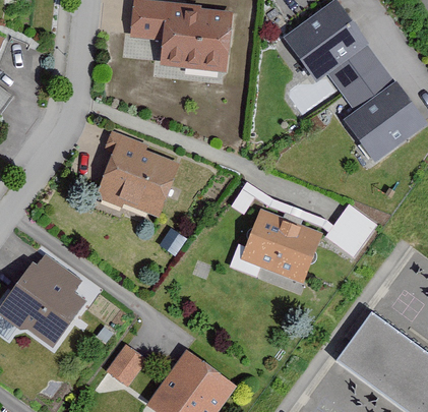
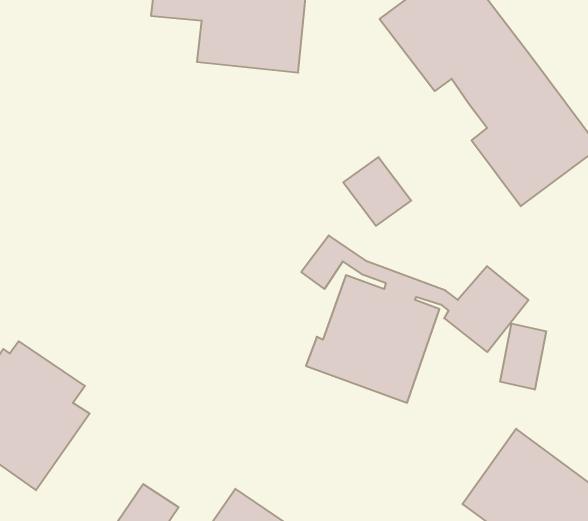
building: none -> [343,157,411,226]
building: [95,132,181,218] -> none
building: none -> [500,323,546,390]

